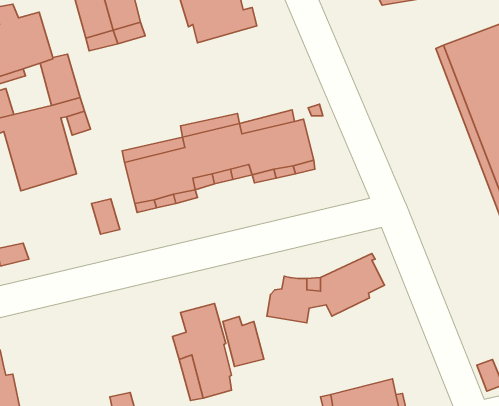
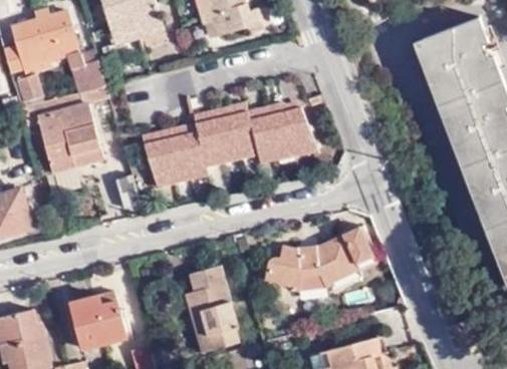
building: [223,316,264,366] -> none
building: none -> [69,291,131,351]

